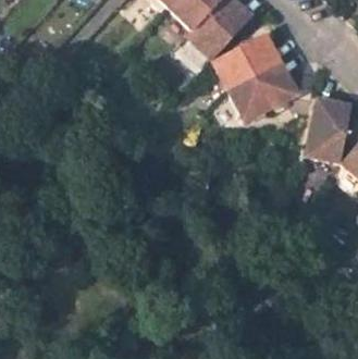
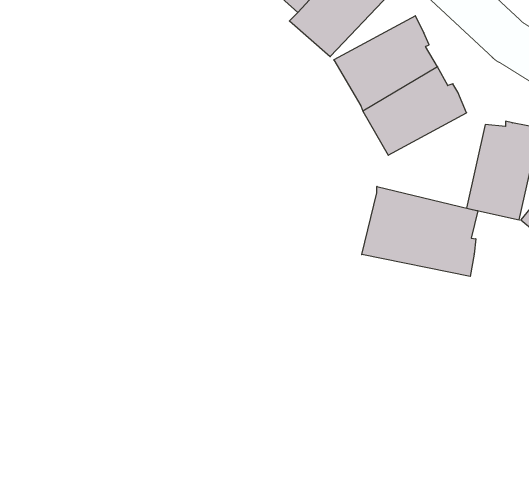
building: none -> [362,186,478,276]

